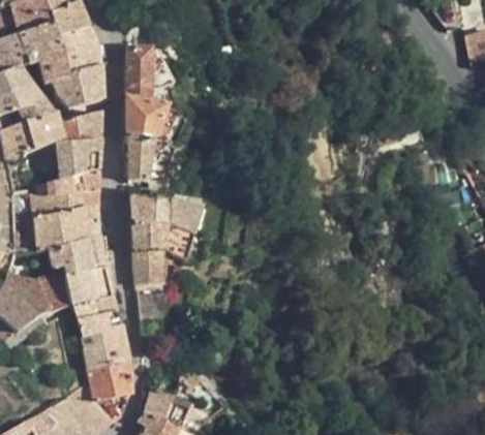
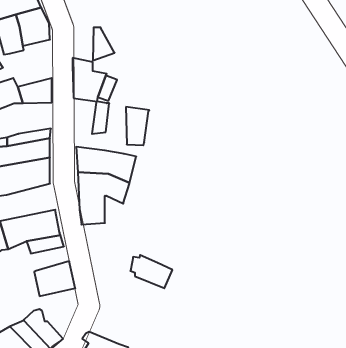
building: [126,50,151,93] -> none
building: [52,66,102,108] -> none
building: [127,135,155,181] -> [126,107,149,145]
building: [57,141,101,178] -> none
building: [48,237,105,276] -> none
building: [77,311,122,340] -> none
building: [87,361,132,421] -> none
building: [141,387,190,427] -> [130,255,172,288]

